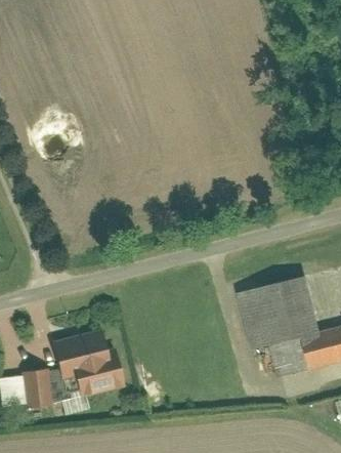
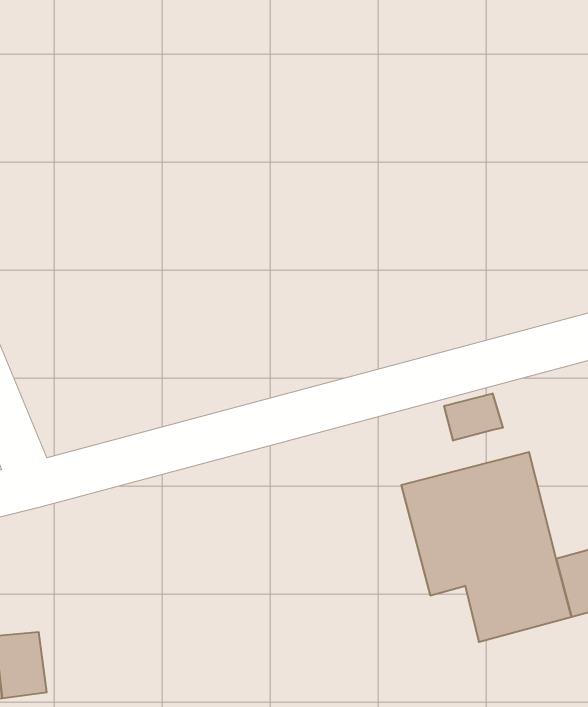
building: none -> [444,393,503,441]
building: [54,331,123,397] -> none

